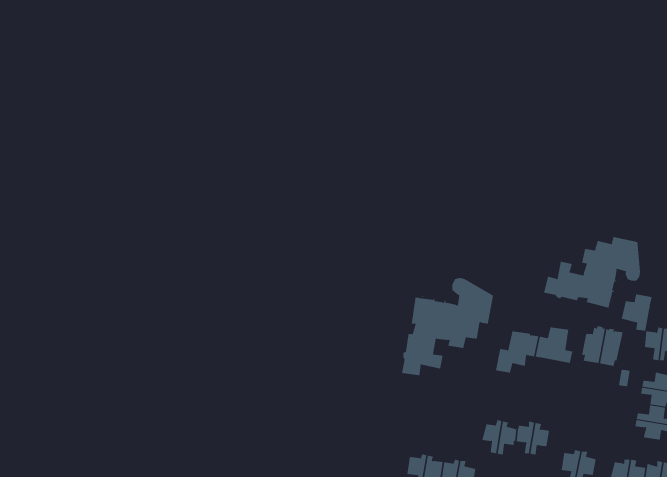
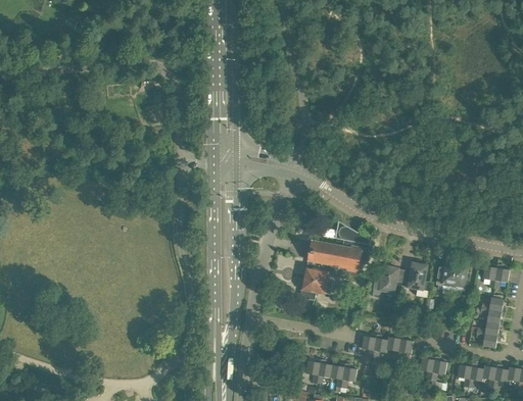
building: [543,236,641,309] -> none
building: [621,294,652,332] -> none

